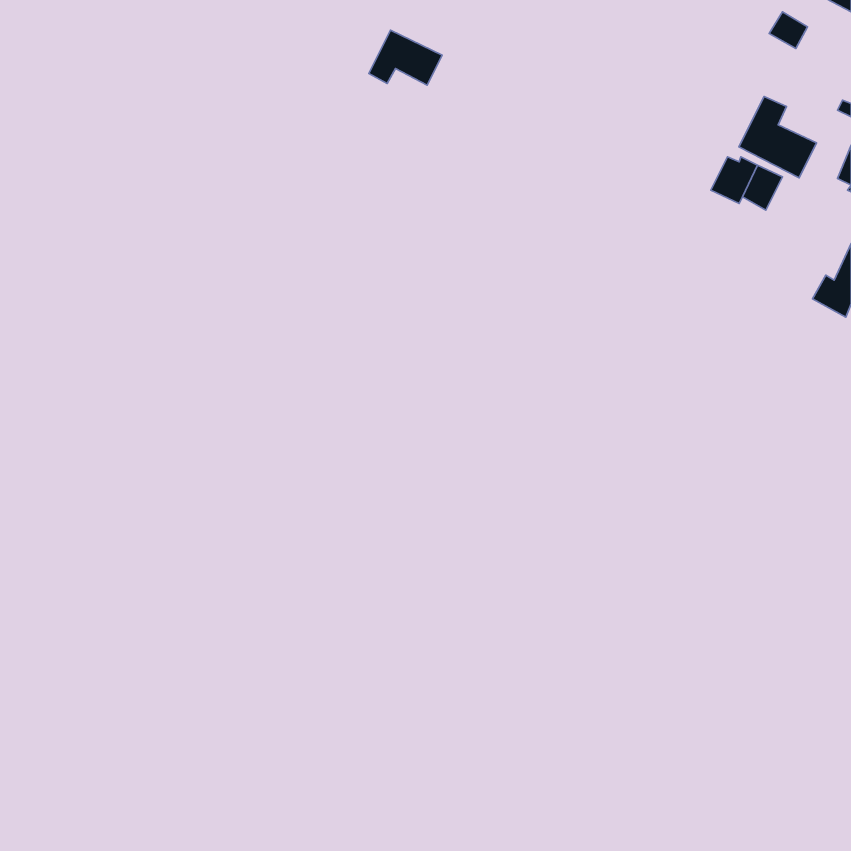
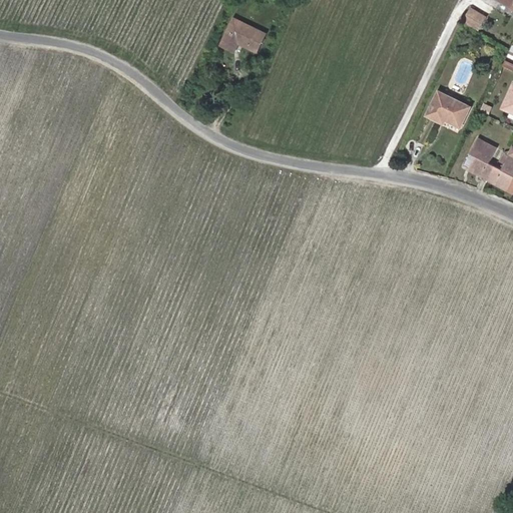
building: [739,96,816,178] -> none
building: none -> [464,137,497,179]

